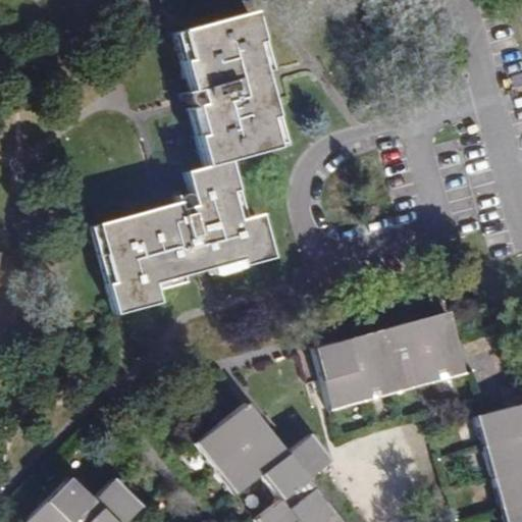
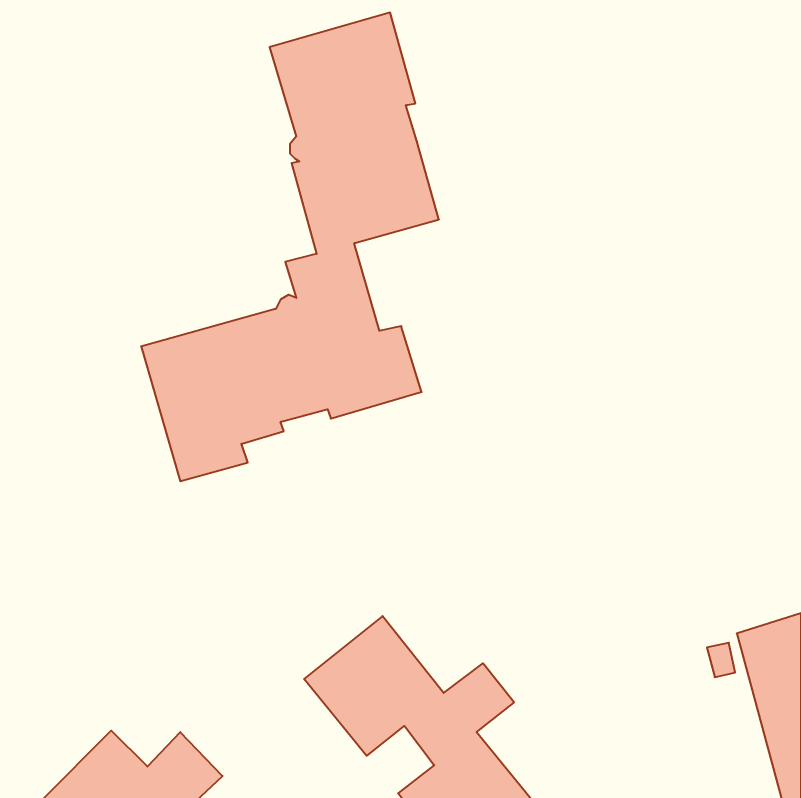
building: [315,309,468,410] -> none

